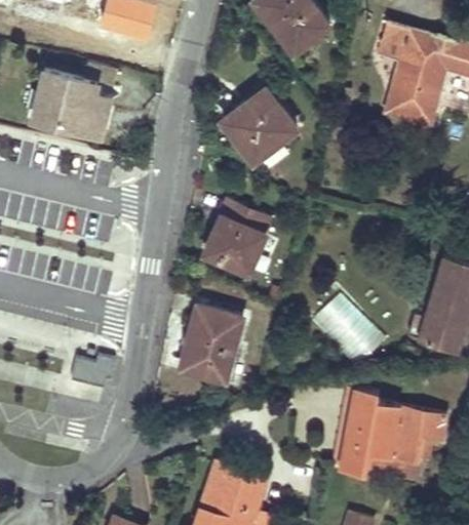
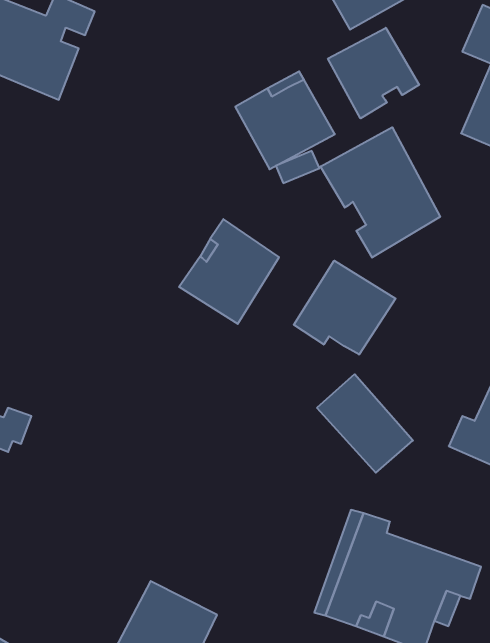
building: none -> [328,28,419,118]
building: none -> [320,127,440,258]
building: none -> [294,261,396,355]
building: [179,306,242,381] -> none

